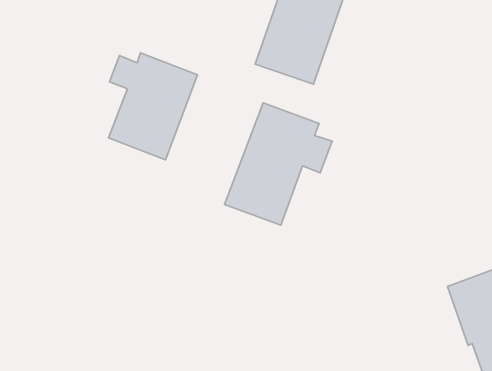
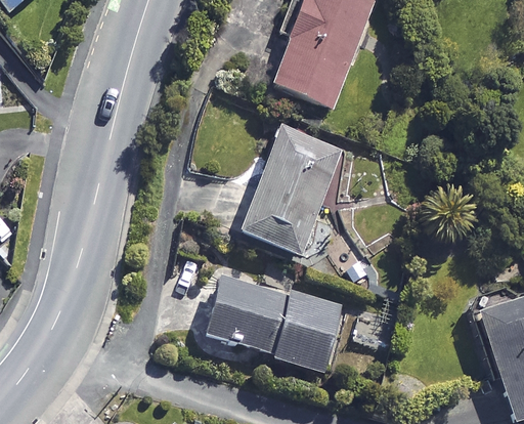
building: [108,53,198,160] -> none
building: none -> [206,273,341,368]

